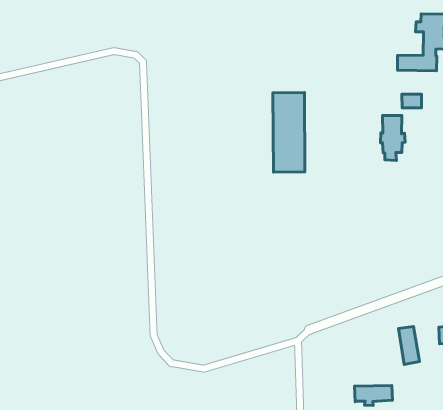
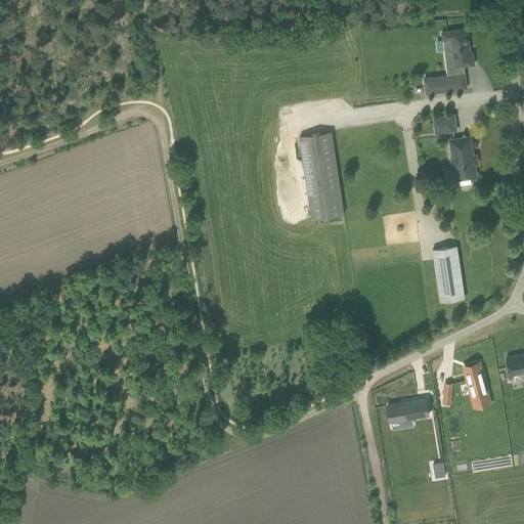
building: [381,115,405,161] -> [450,136,478,185]
building: none -> [433,246,465,301]
building: [354,385,393,405] -> [387,399,429,424]

